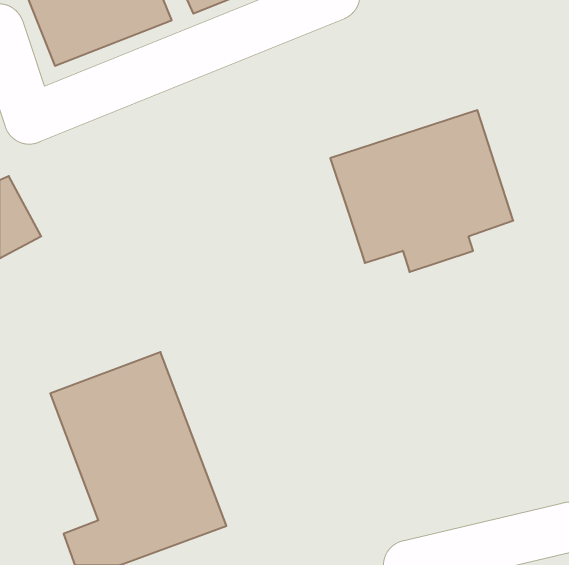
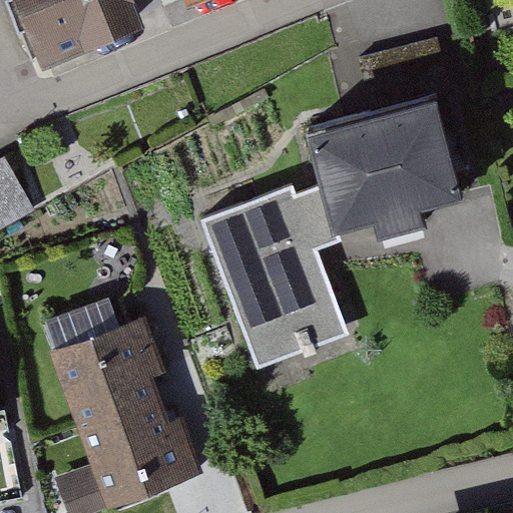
building: none -> [200,186,348,370]

